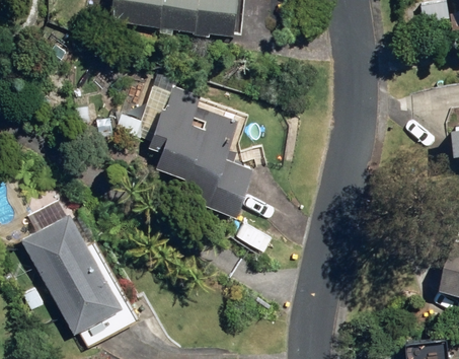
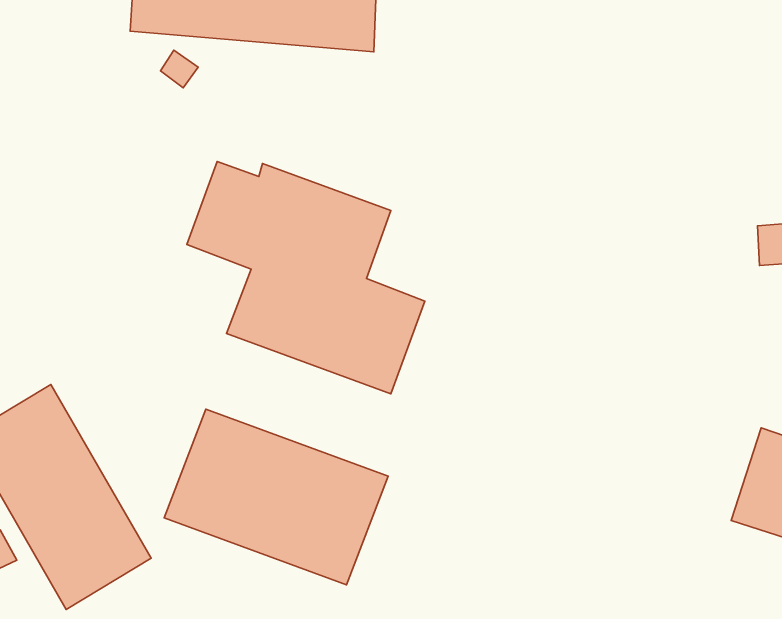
building: none -> [164,409,388,585]

